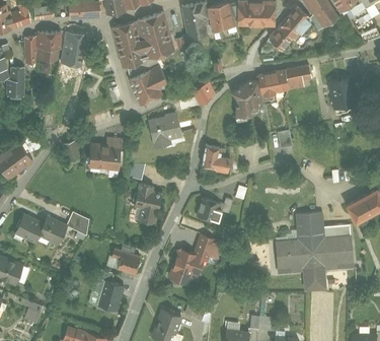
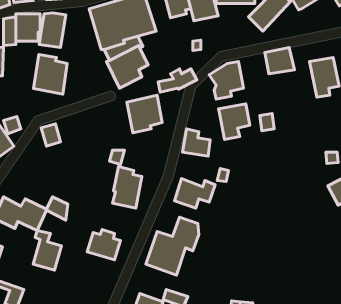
building: [257,69,289,105] -> [218,104,250,139]
building: none -> [34,54,67,94]
building: [88,135,122,169] -> none
building: [279,212,355,288] -> none
building: [96,273,125,313] -> [33,230,62,270]

